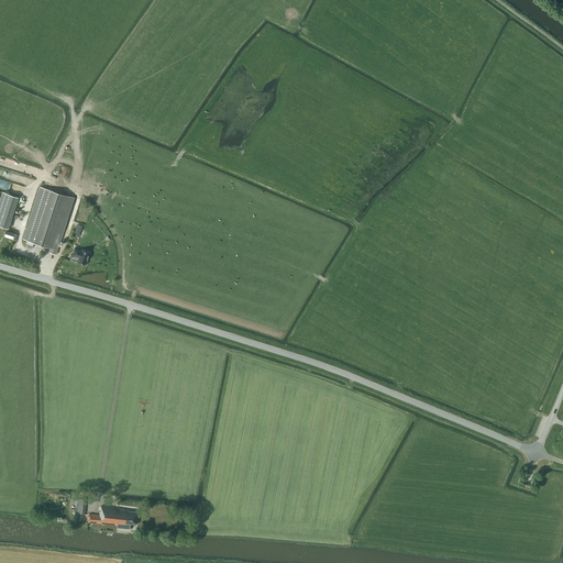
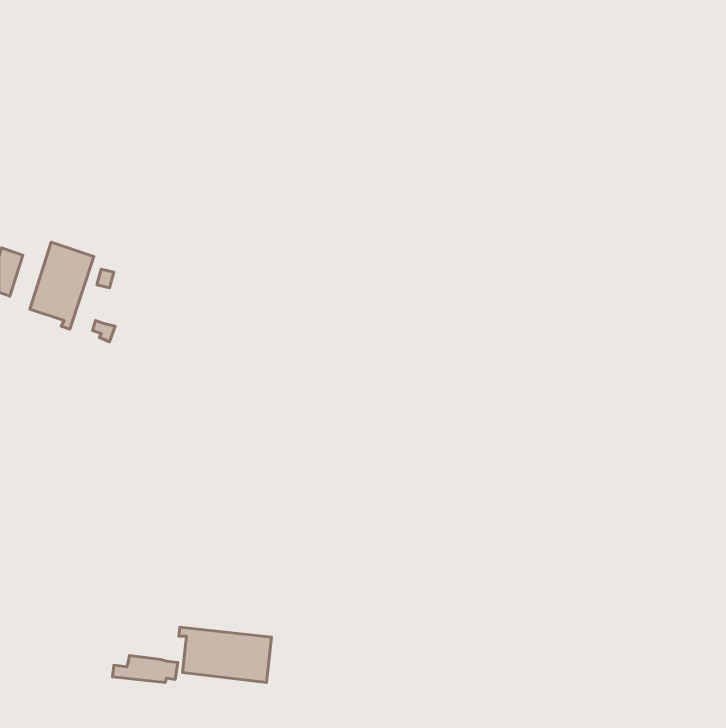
building: none -> [179,627,271,682]

